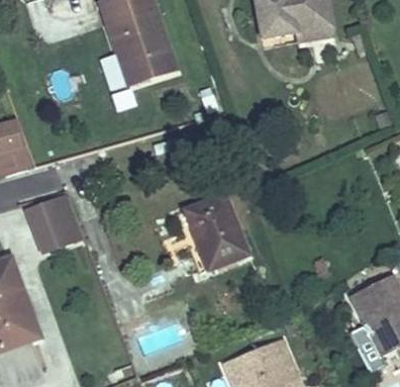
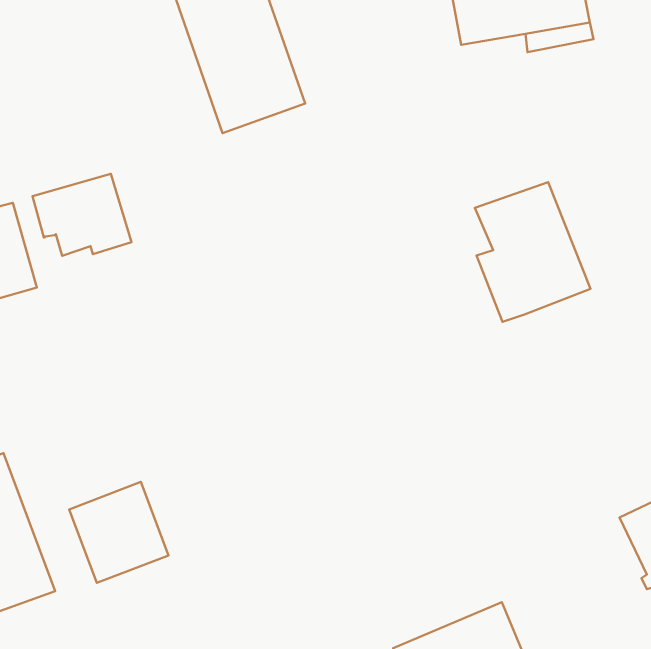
building: none -> [32,174,131,256]
building: [27,193,82,249] -> [69,482,169,583]
building: [184,193,247,270] -> [475,182,591,322]

